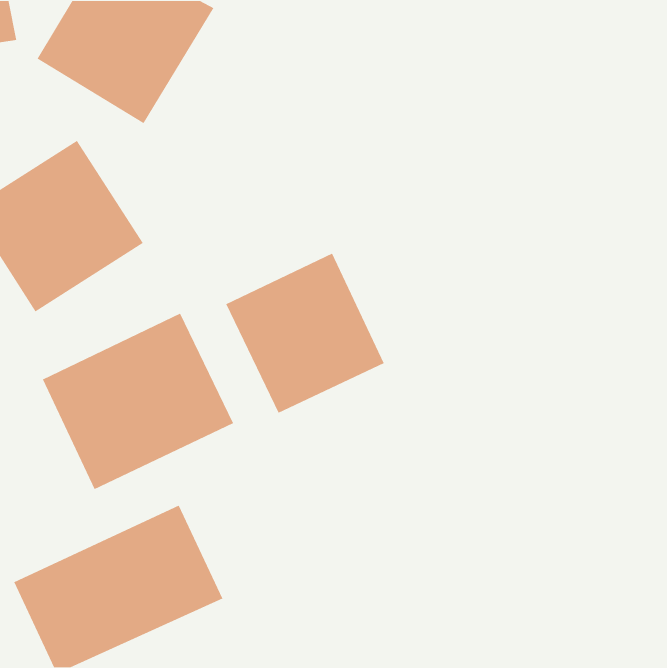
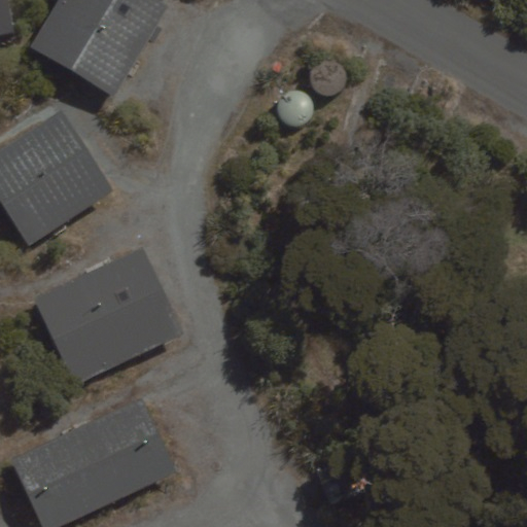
building: [225,253,385,414] -> none

